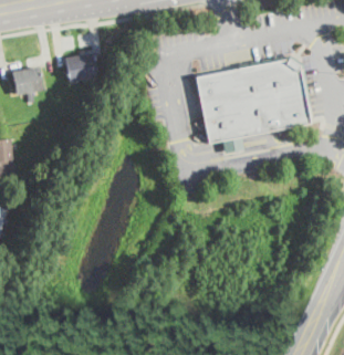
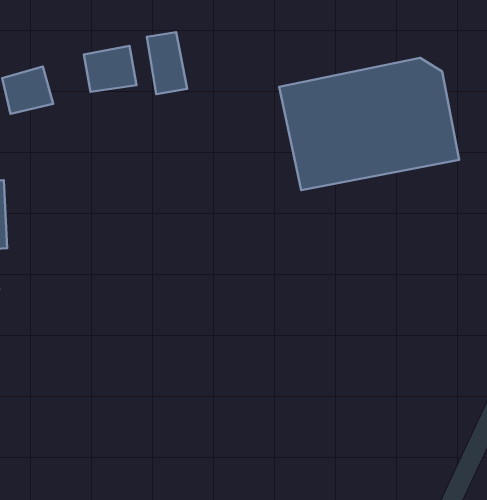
building: none -> [147,32,187,94]

